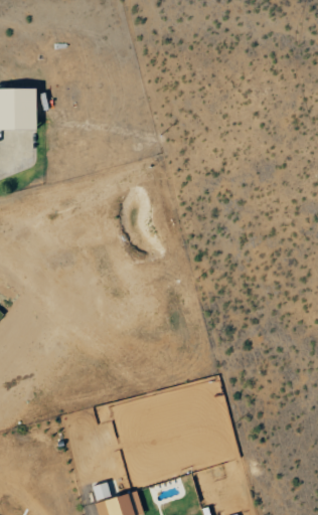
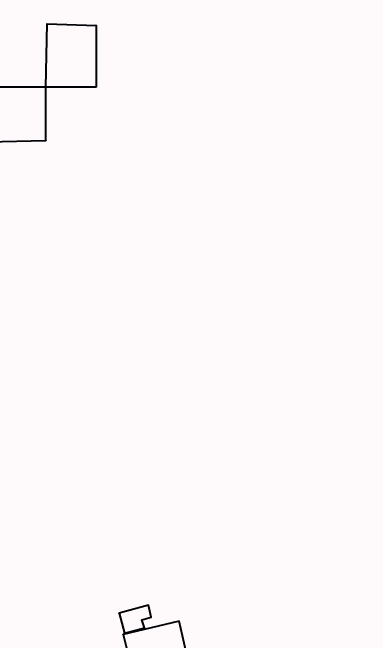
building: none -> [46,24,96,87]

